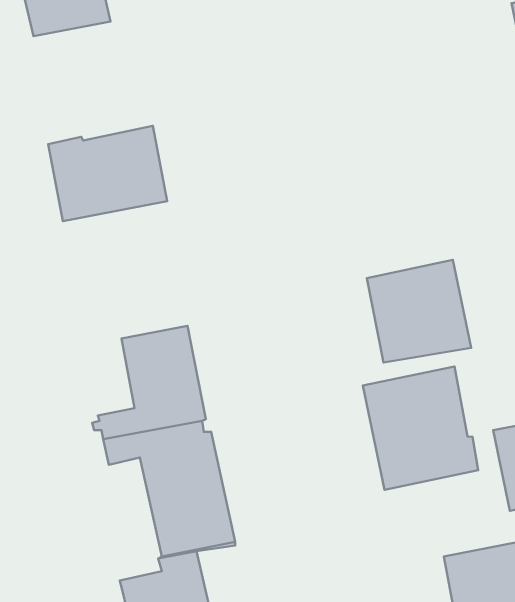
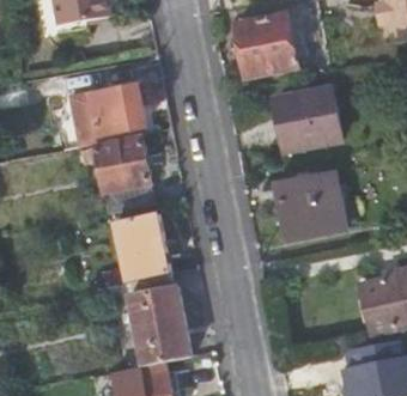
building: none -> [237,13,299,75]
building: none -> [273,85,340,150]
building: none -> [93,136,156,213]
building: [363,366,478,490] -> none

